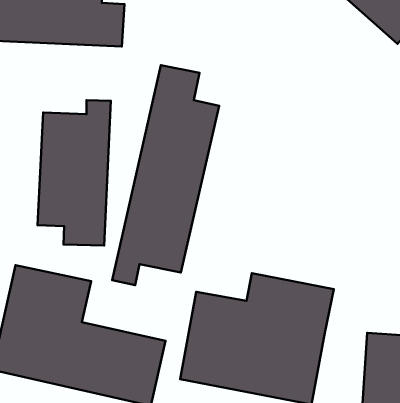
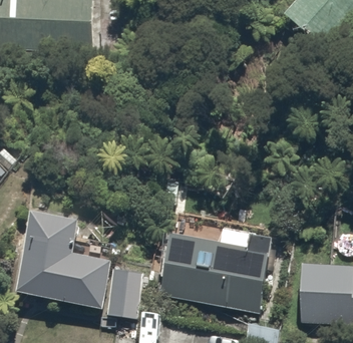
building: [112,65,219,285] -> none
building: [37,100,111,246] -> none

